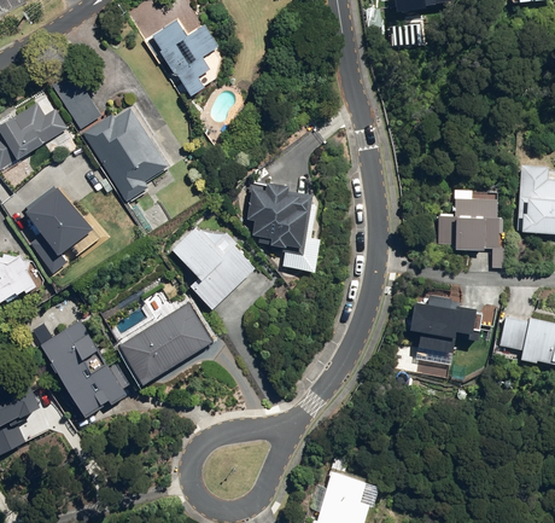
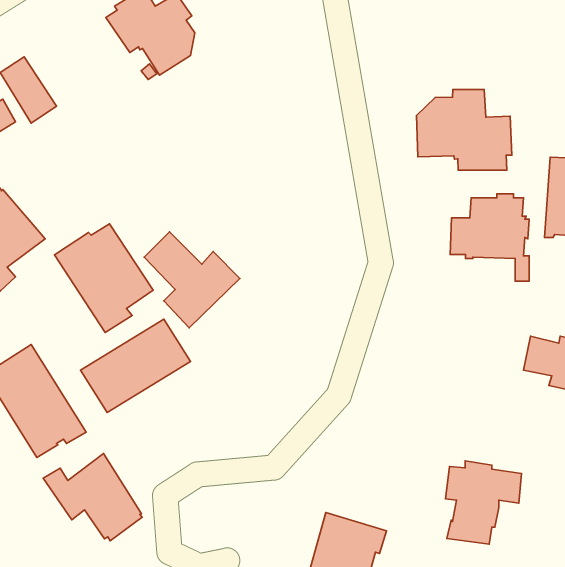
building: none -> [416,89,512,170]
building: [81,110,165,203] -> [55,224,153,333]
building: [245,176,322,269] -> none
building: [414,292,479,364] -> [445,461,522,544]
building: none -> [43,453,142,541]

